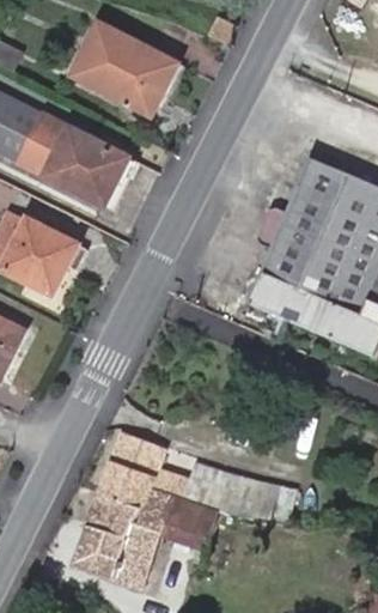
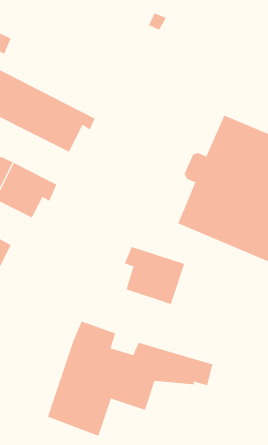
building: [73,25,177,117] -> none
building: none -> [124,246,185,305]

